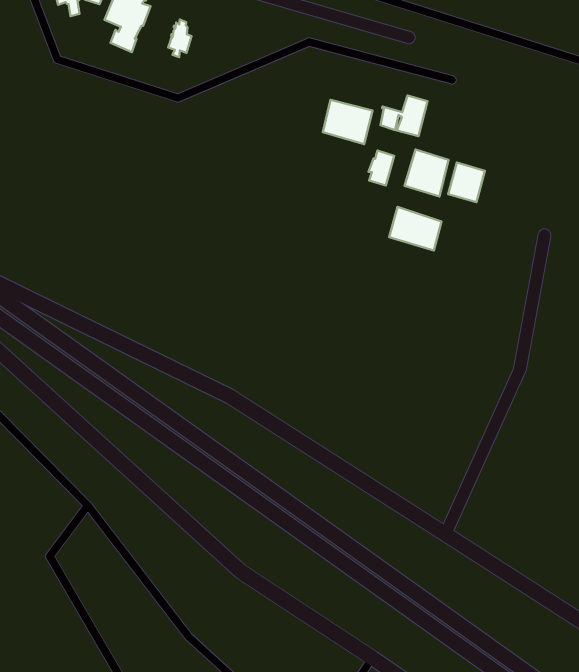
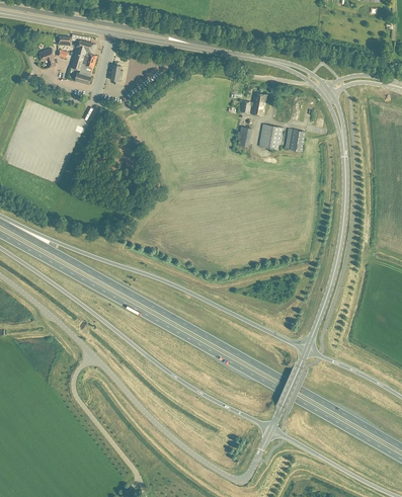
building: [323,100,372,144] -> none
building: [389,207,441,250] -> none

